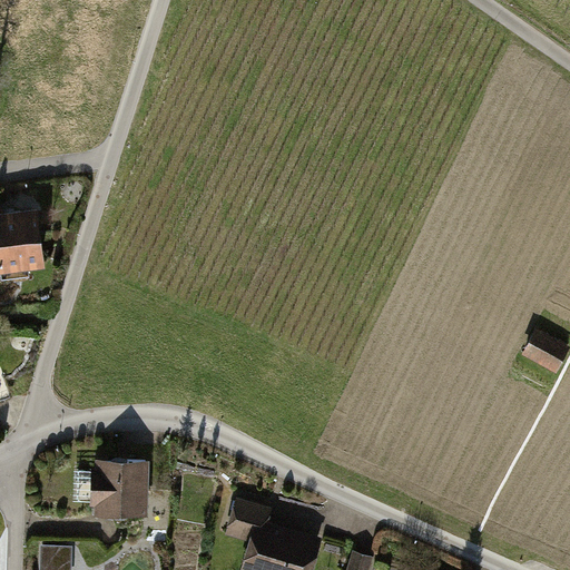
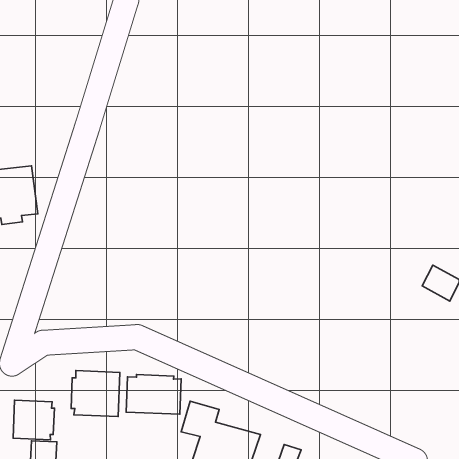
building: none -> [126,374,181,414]
building: none -> [13,400,55,440]

